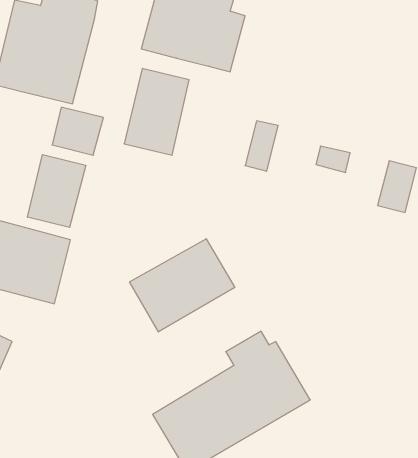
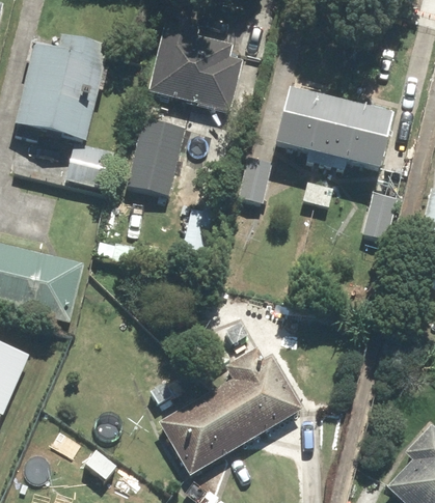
building: none -> [277,95,393,175]
building: [27,155,86,227] -> none
building: [130,239,235,332] -> none

